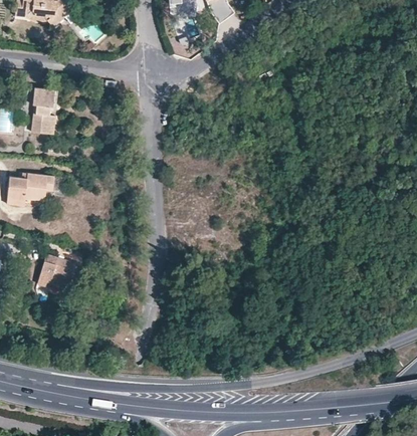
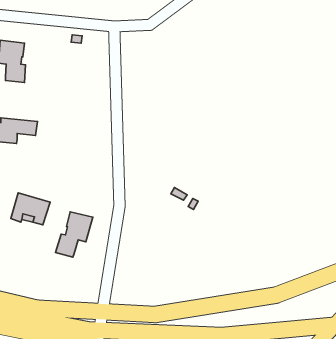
building: none -> [55,212,93,257]

